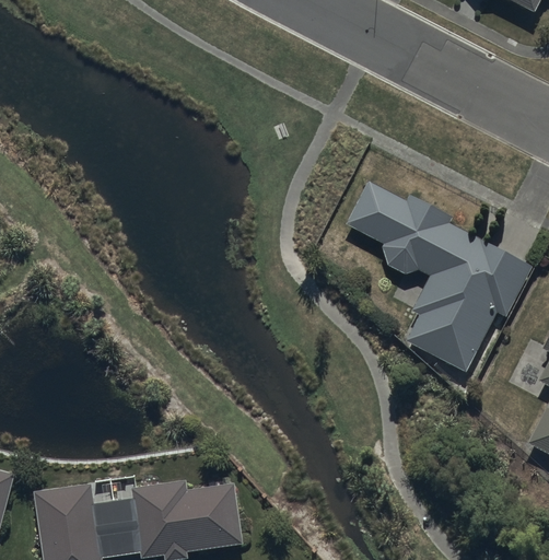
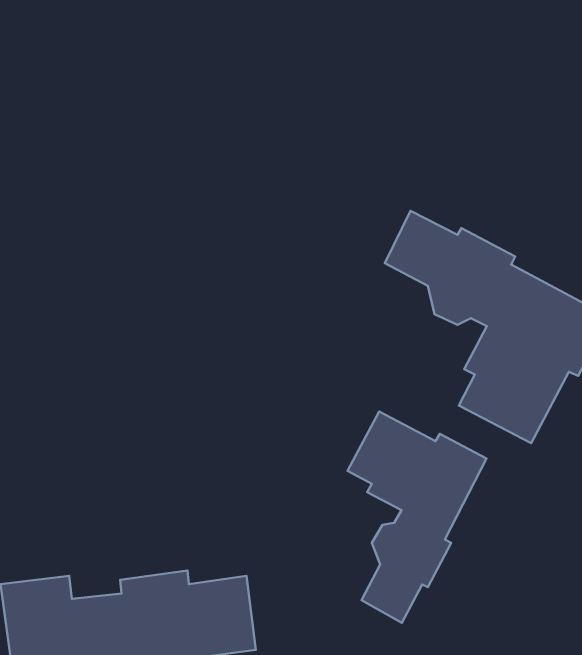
building: none -> [348,412,487,623]

